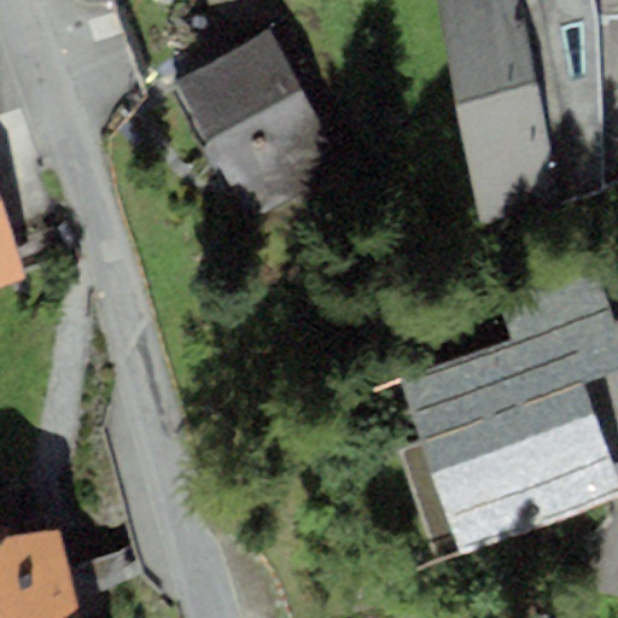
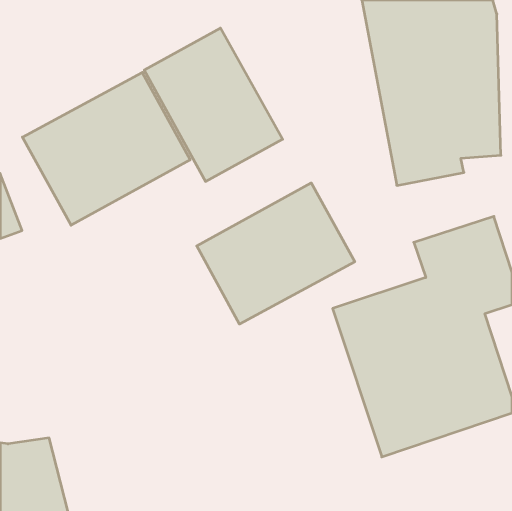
building: none -> [22,72,190,225]
building: none -> [197,183,355,324]

